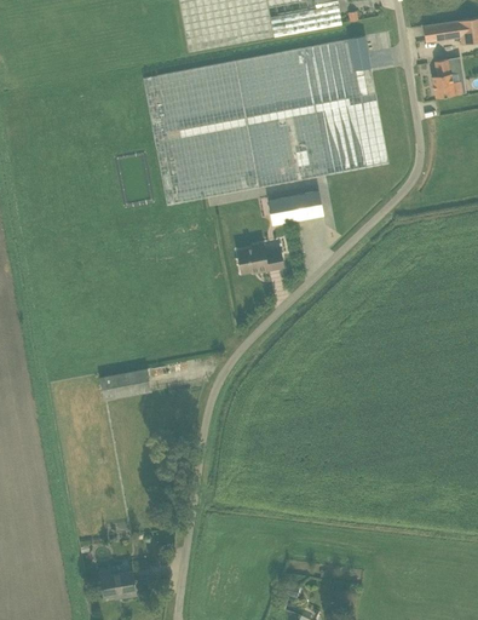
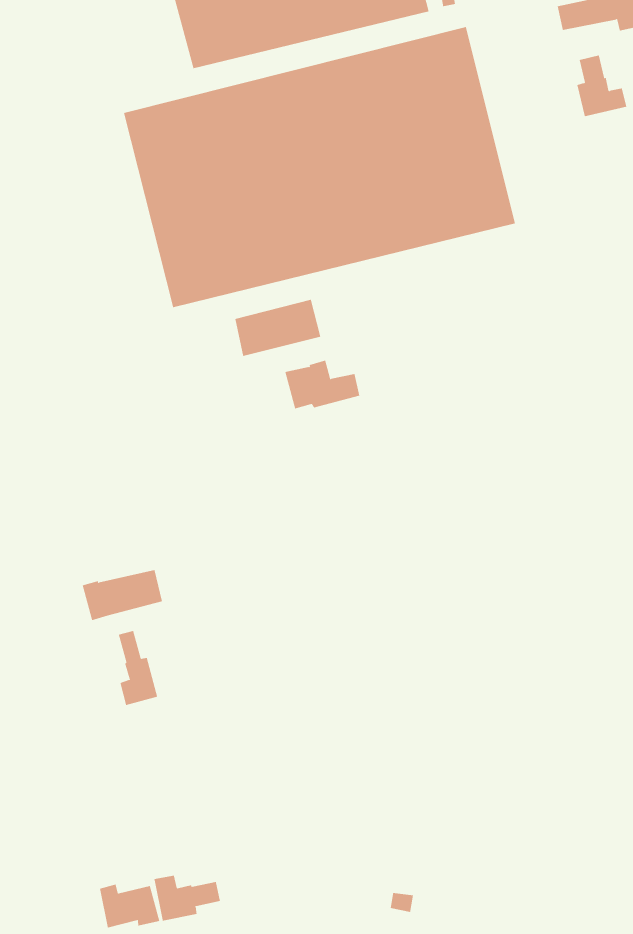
building: [270,189,324,223] -> [235,299,321,356]
building: none -> [118,630,158,706]
building: none -> [154,875,220,921]

